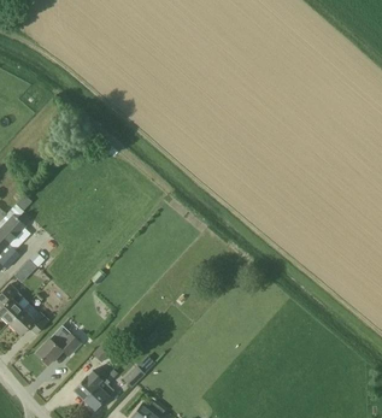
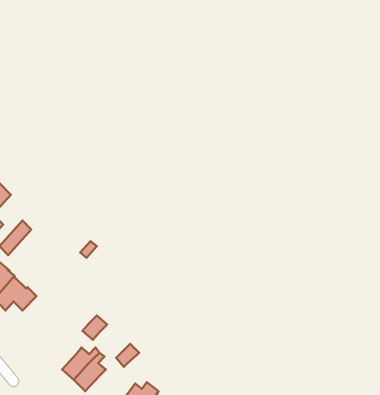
building: [36,325,78,364] -> none

